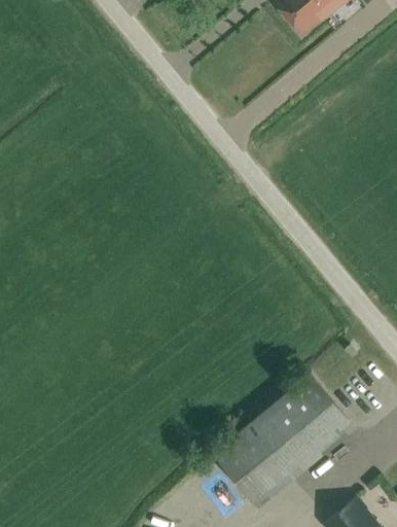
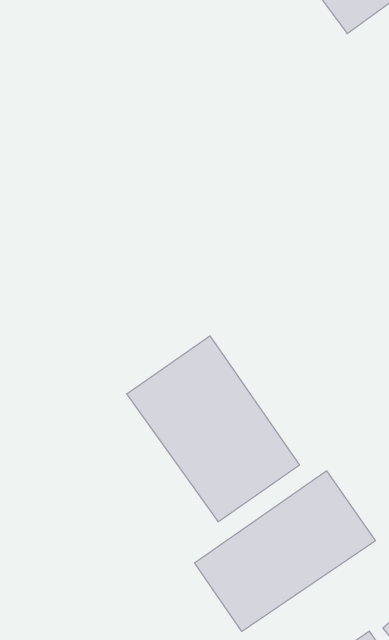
building: none -> [127,336,299,522]

